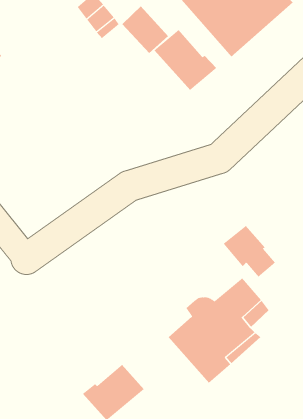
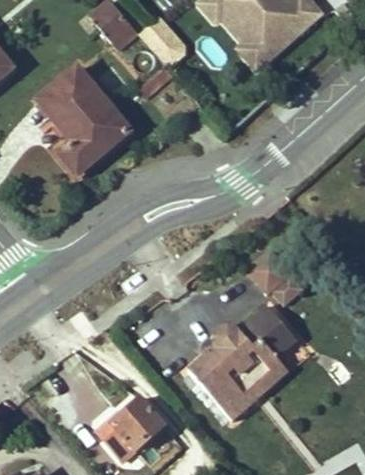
building: [153,29,217,91] -> none
building: none -> [38,69,129,175]

